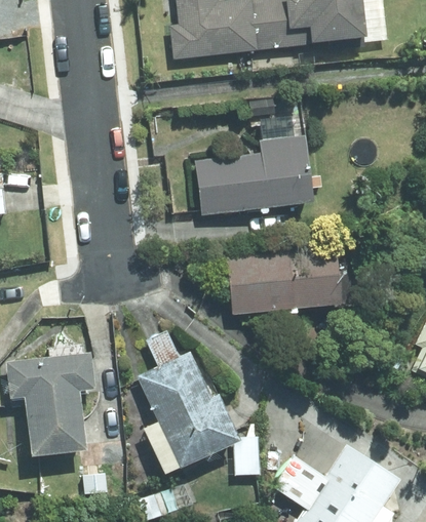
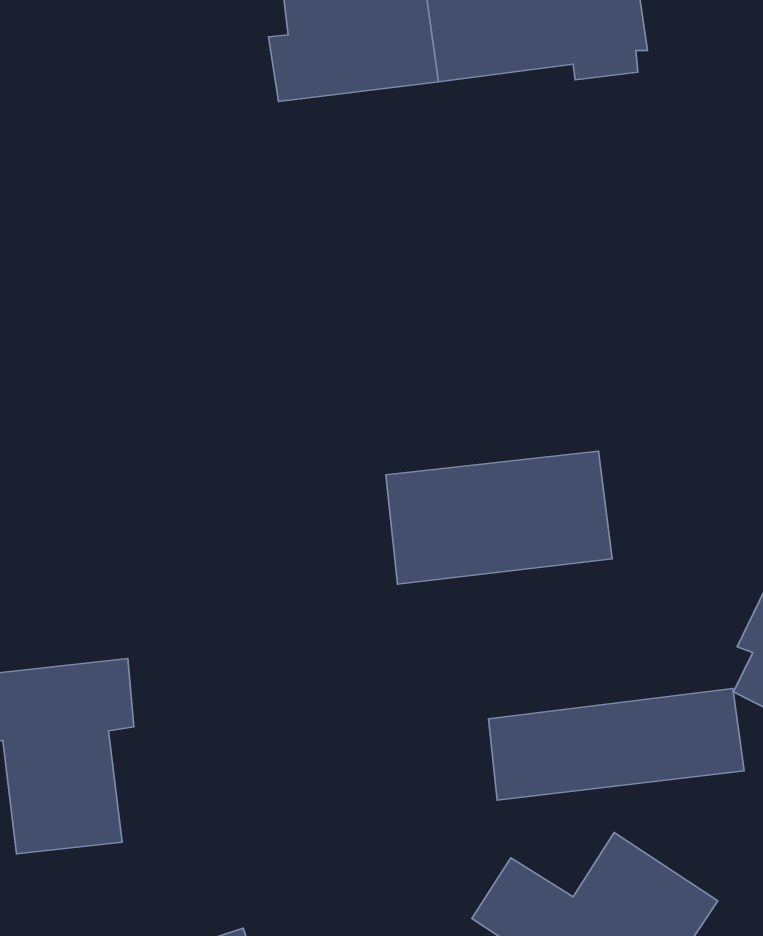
building: [194,138,316,215] -> none
building: [135,350,260,474] -> none
building: none -> [489,689,744,800]

